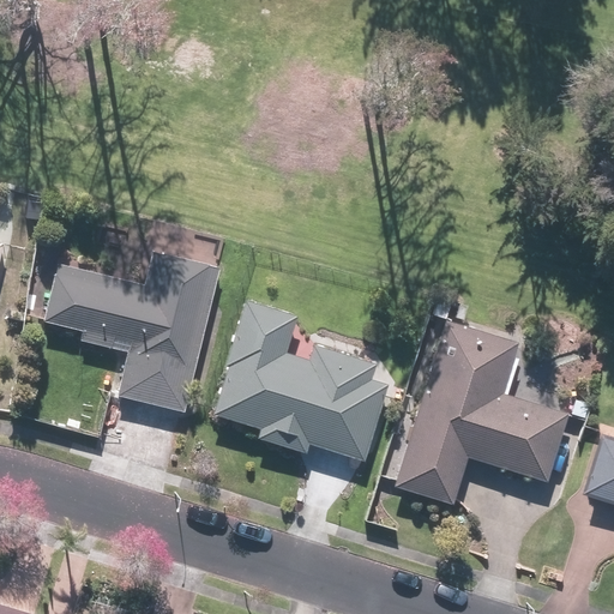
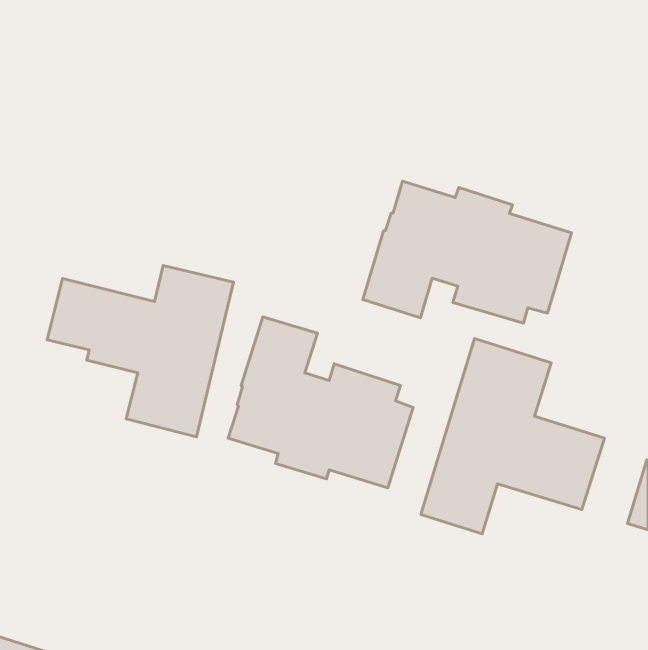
building: none -> [363,181,571,323]

